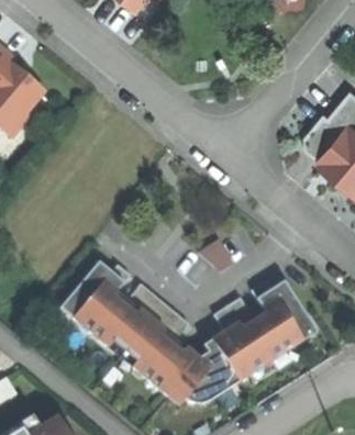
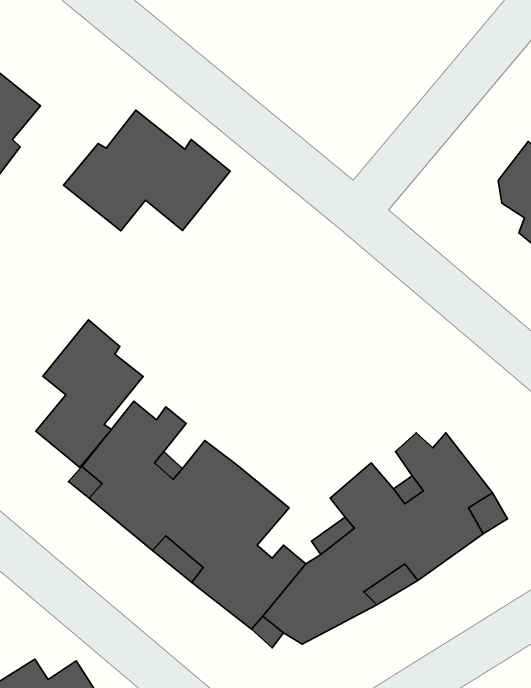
building: none -> [64,110,230,231]
building: none -> [36,320,143,468]

